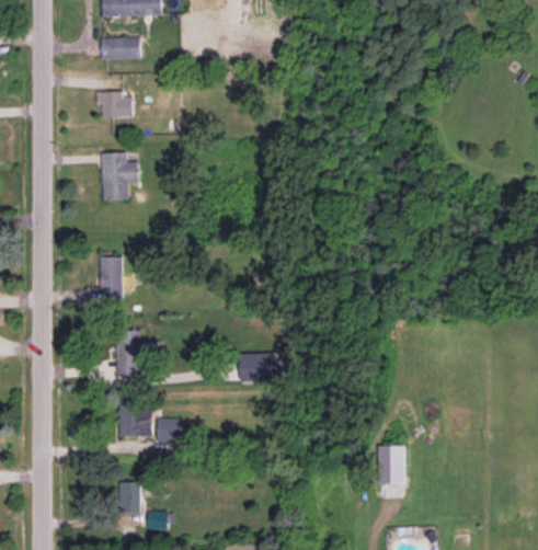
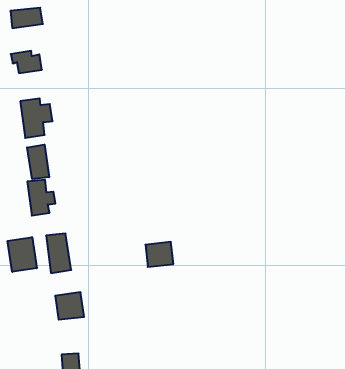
building: none -> [27,145,49,179]
building: none -> [8,237,37,272]
building: [157,417,182,440] -> none
building: [378,445,404,484] -> none

